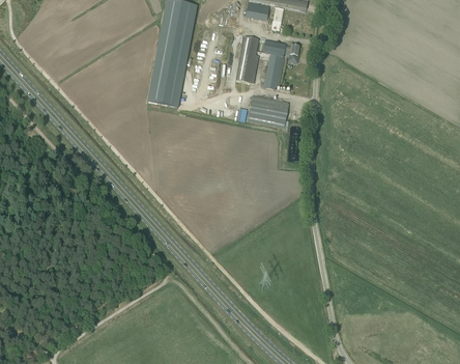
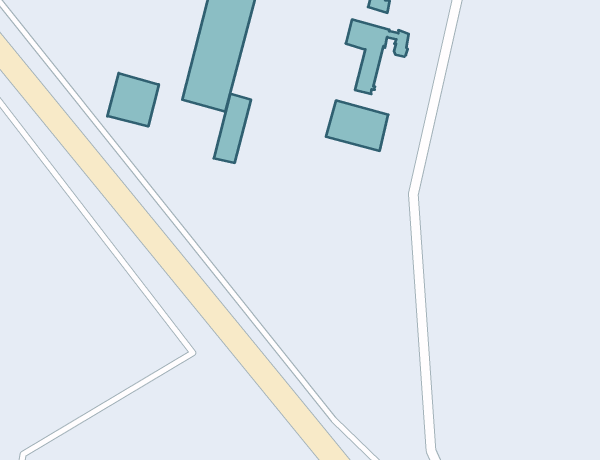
building: [236,36,259,83] -> [214,94,251,163]
building: none -> [107,73,159,126]

